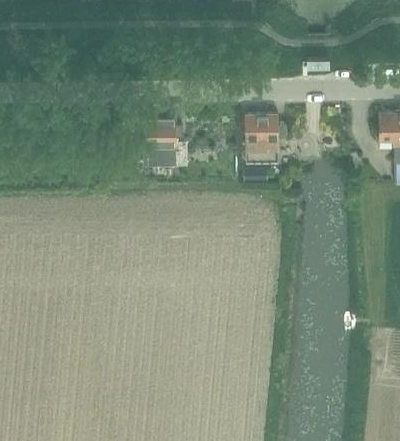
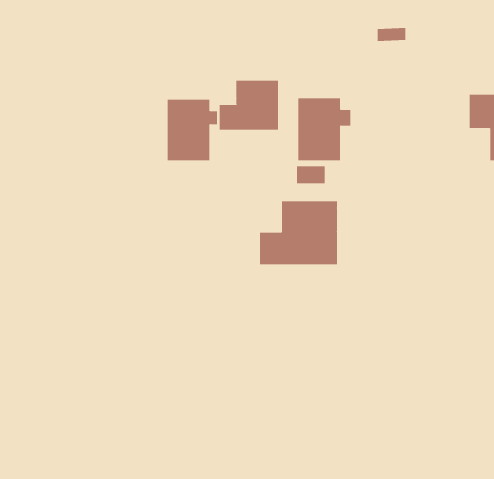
building: none -> [219,80,279,130]
building: none -> [259,201,337,265]

